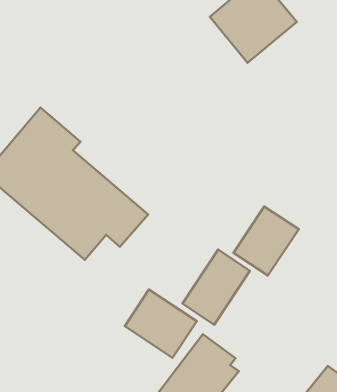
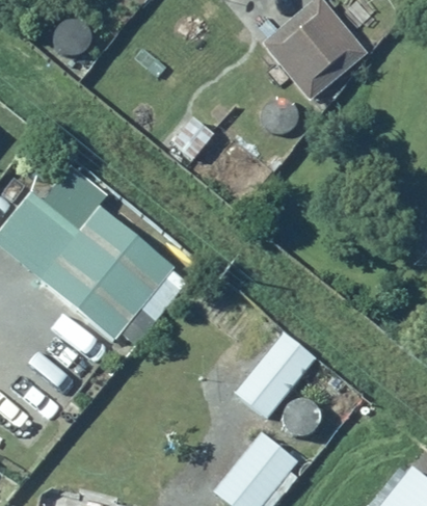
building: [234,207,299,275] -> none
building: [125,289,197,358] -> none

